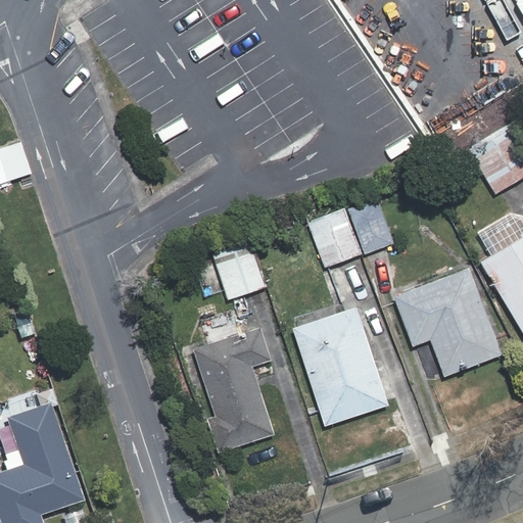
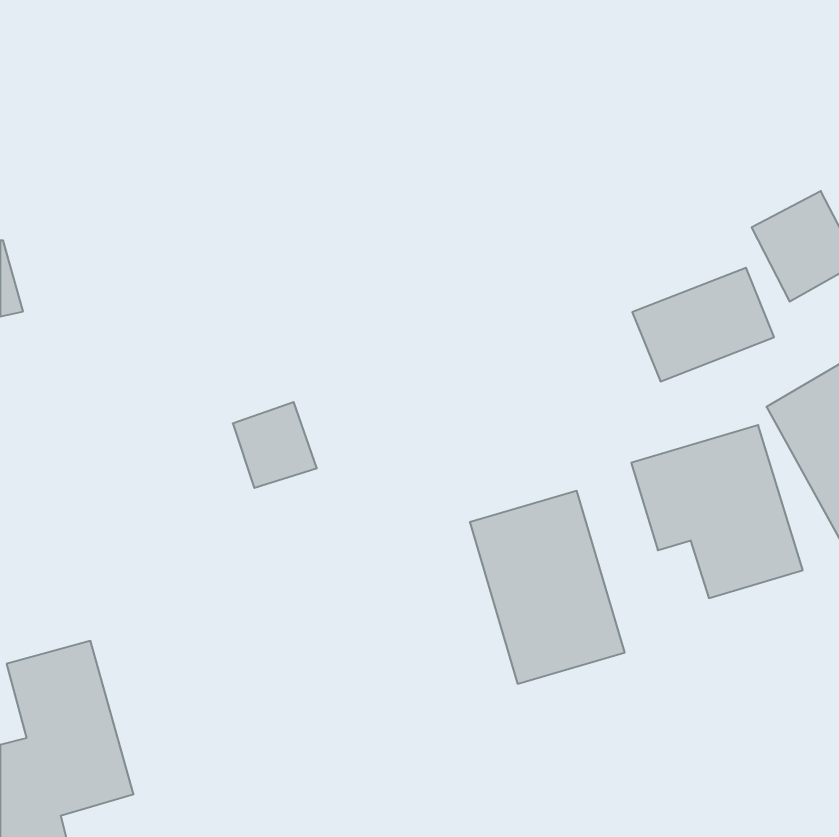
building: [305,200,393,271] -> [632,268,774,381]
building: [213,246,266,299] -> [233,402,317,488]
building: [188,325,273,451] -> none

